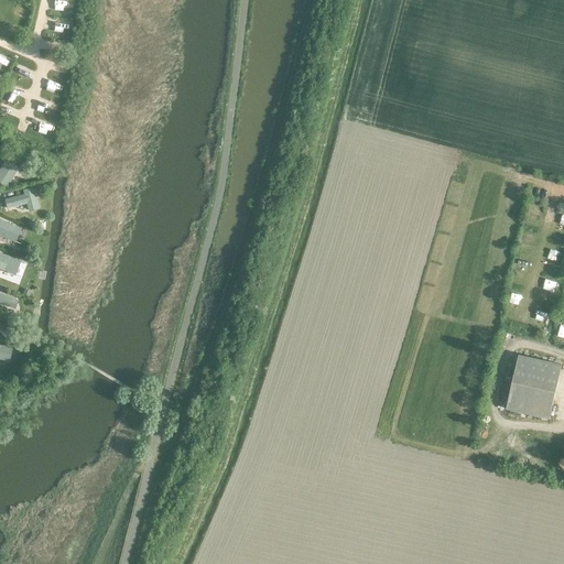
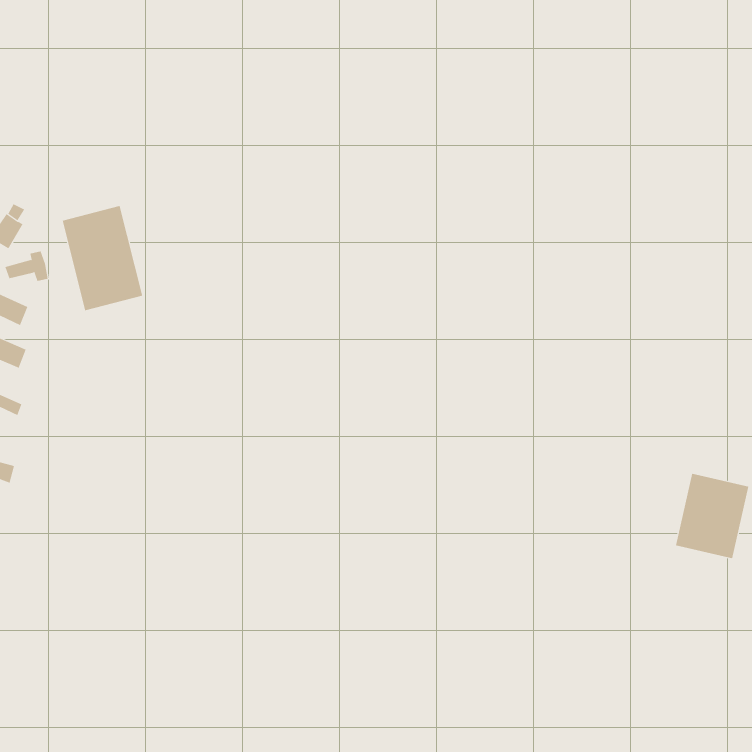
building: none -> [62,205,143,311]

